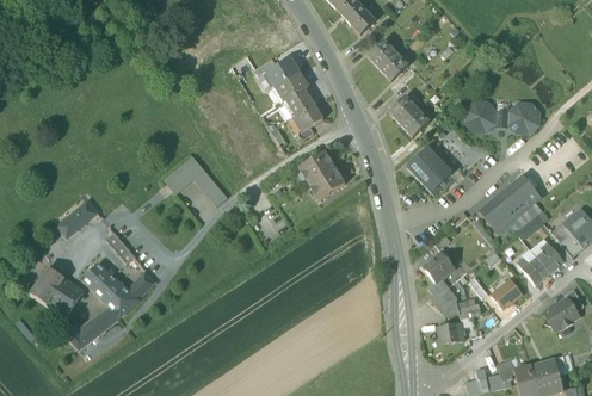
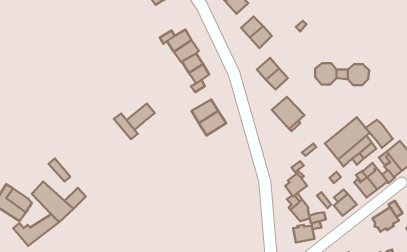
building: [165,157,203,193] -> [127,103,155,130]
building: none -> [366,120,393,148]
building: [56,199,98,237] -> none

